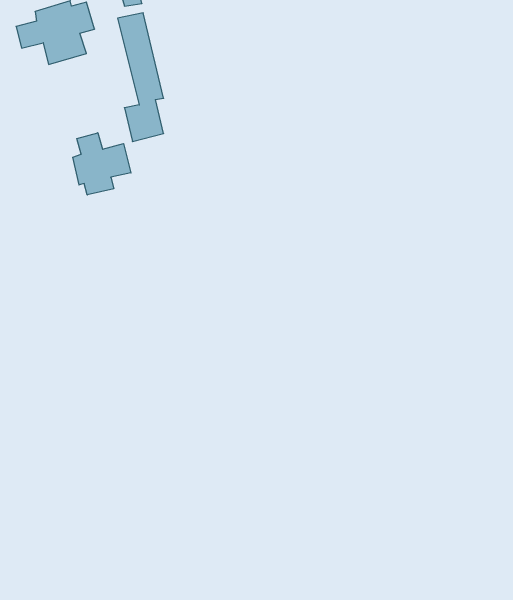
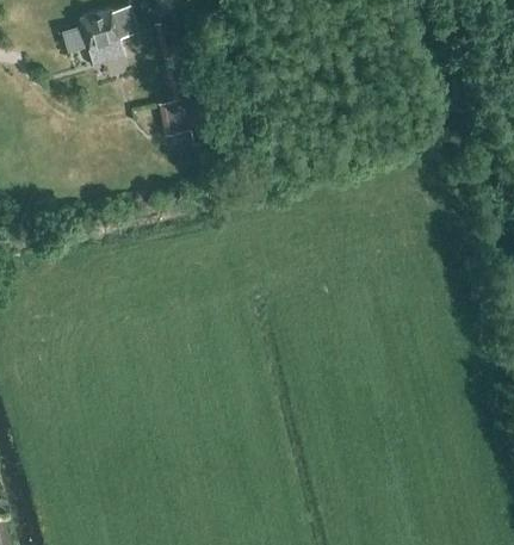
building: [73,133,131,195] -> none

